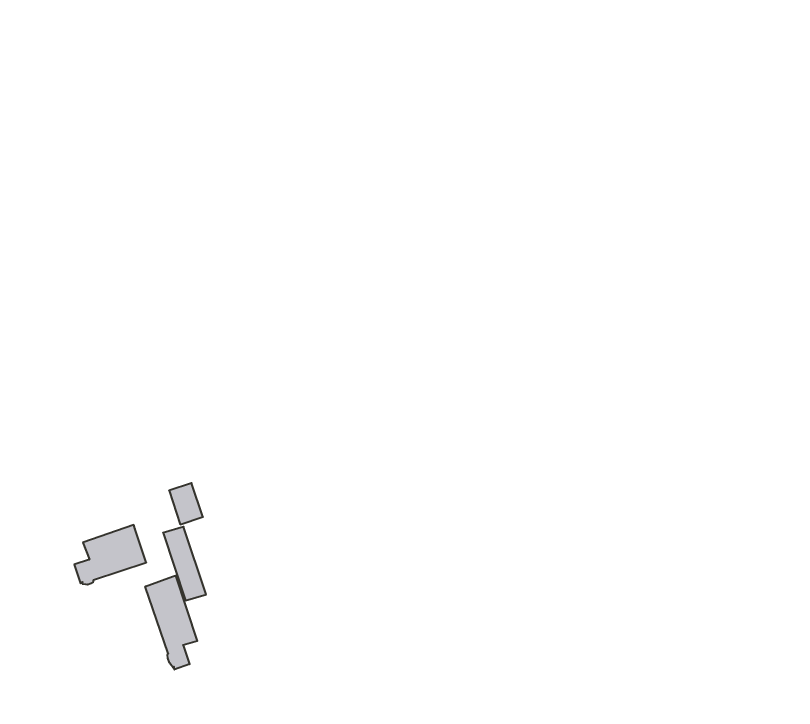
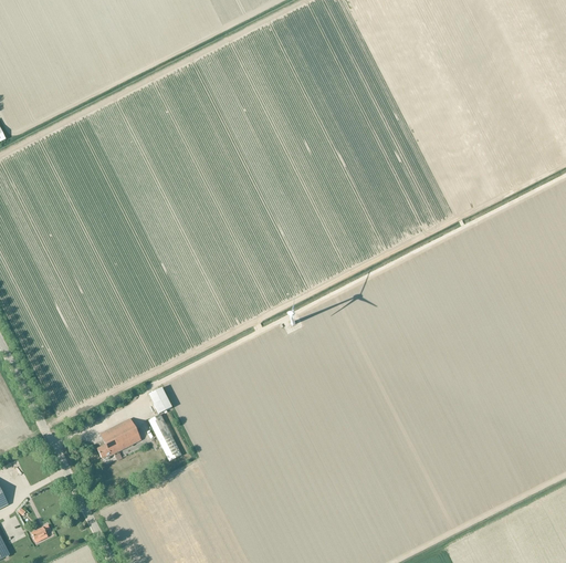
building: [145,576,197,670] -> none

